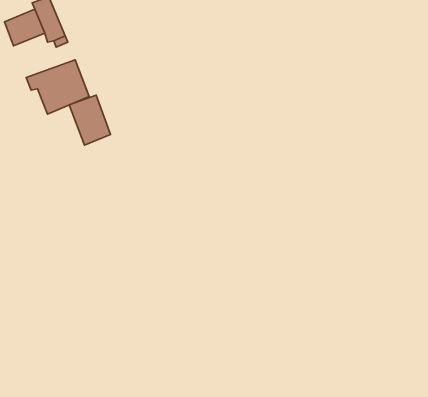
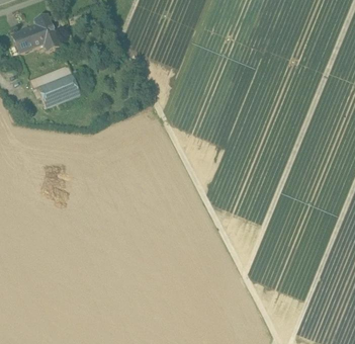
building: [69,95,110,145] -> none

